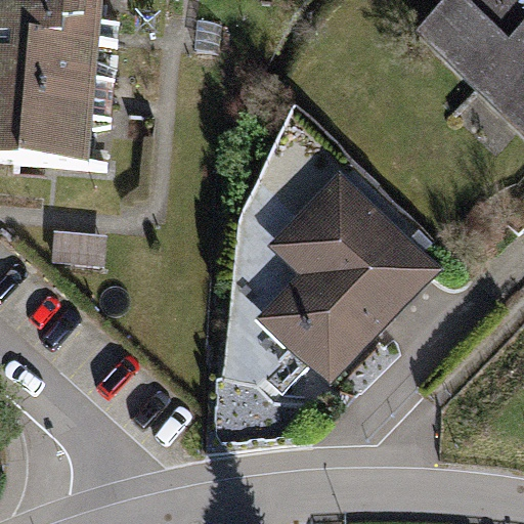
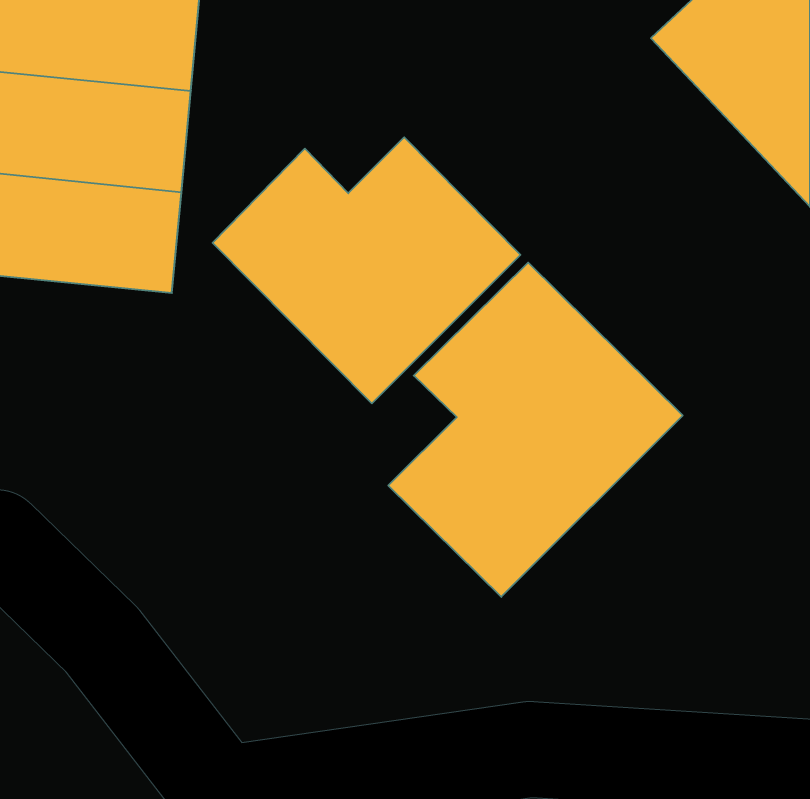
building: none -> [213,137,520,403]

